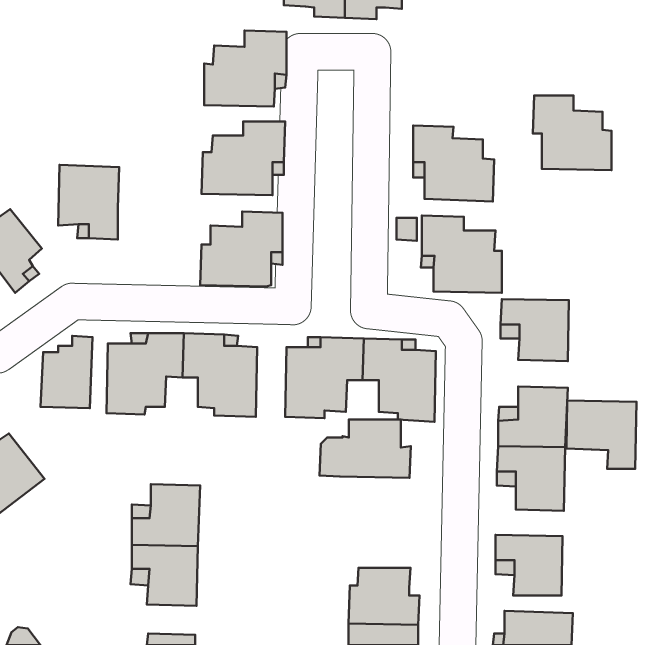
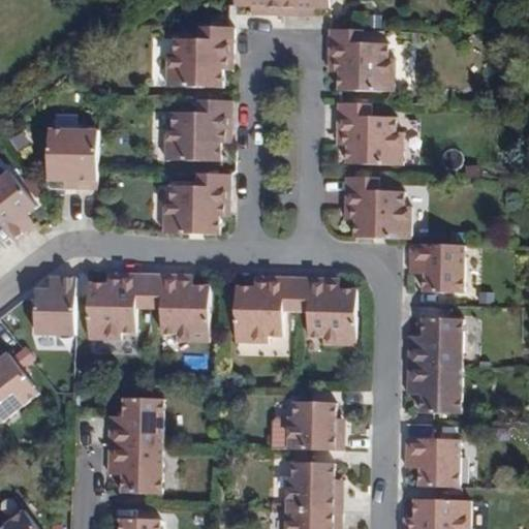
building: [533,95,611,170] -> [329,29,393,90]
building: [567,400,636,469] -> none
building: [320,420,411,478] -> [270,402,344,449]

